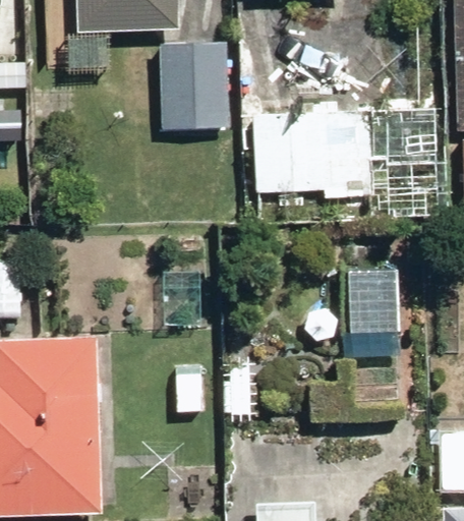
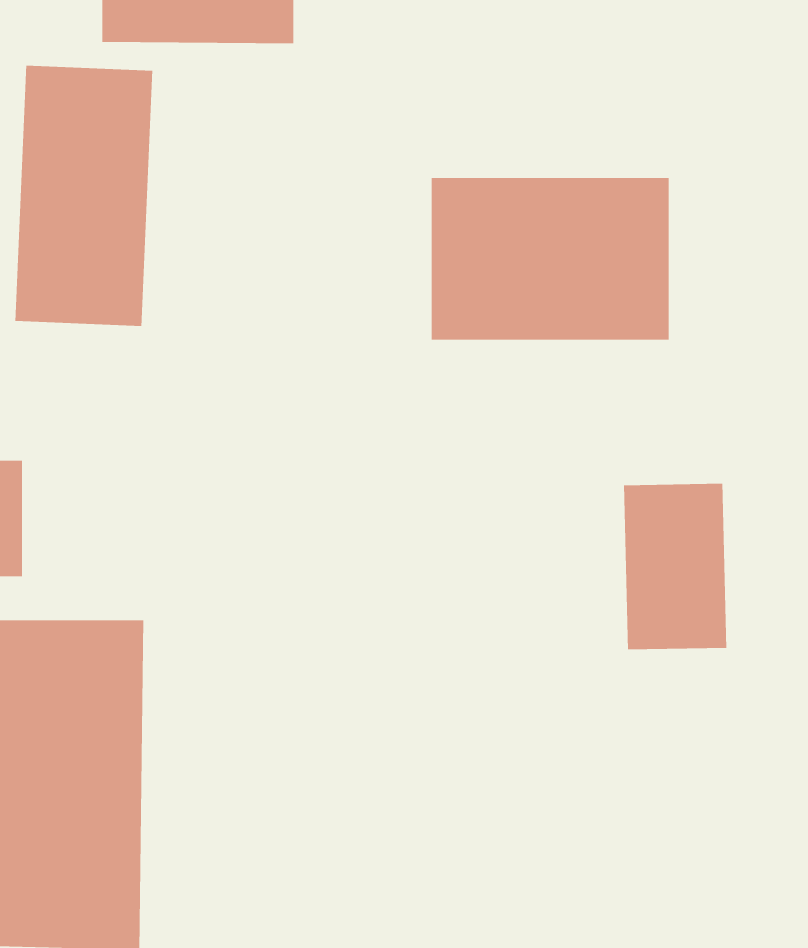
building: [160,43,235,128] -> none
building: none -> [15,65,153,327]

